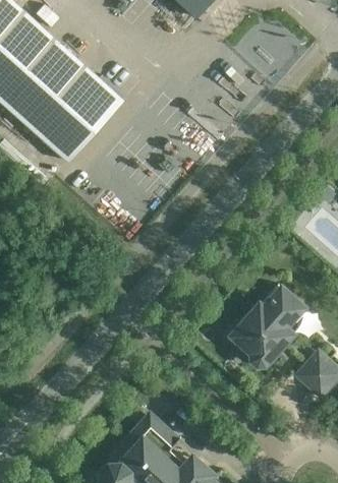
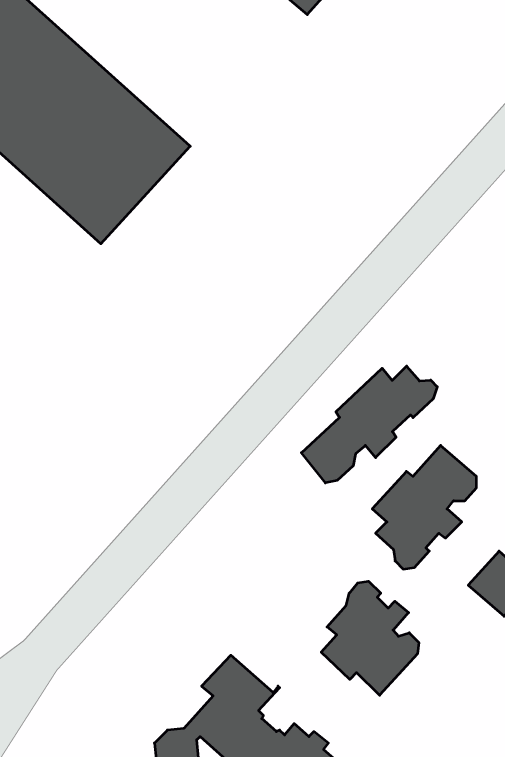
building: none -> [301,366,437,483]
building: none -> [321,581,419,695]

